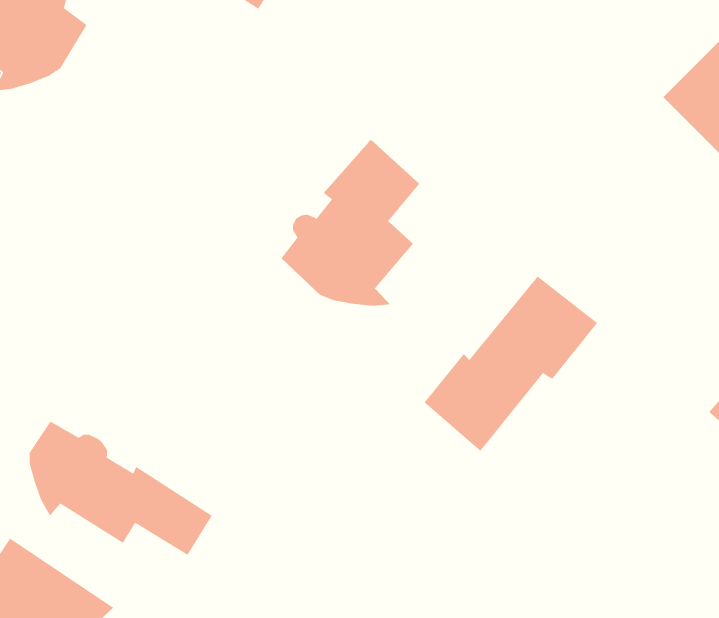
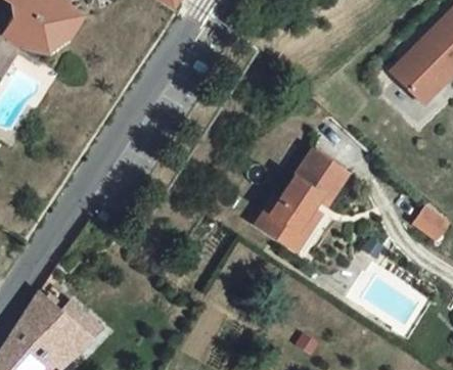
building: [281,139,420,307] -> none
building: [29,420,213,556] -> none

